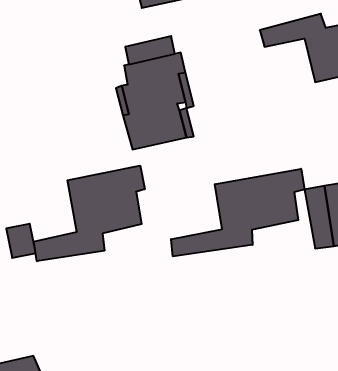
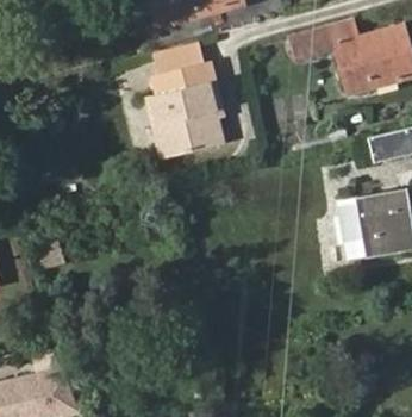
building: [34,166,145,261] -> none
building: [171,169,304,256] -> none

